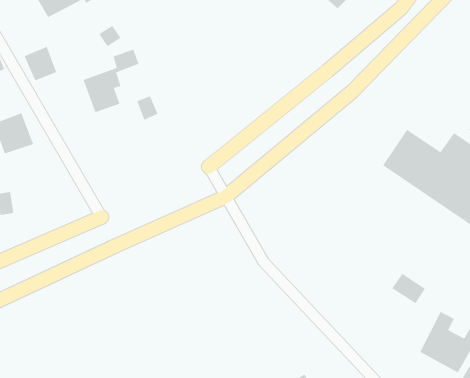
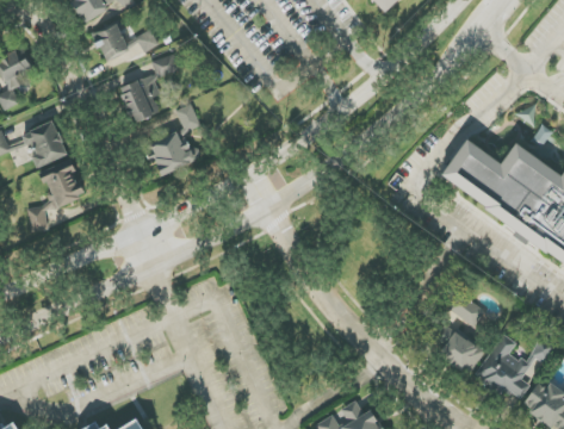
building: [24,46,57,82] -> [92,23,128,61]
building: none -> [149,136,202,176]
building: none -> [41,160,86,207]
building: none -> [430,325,484,372]

